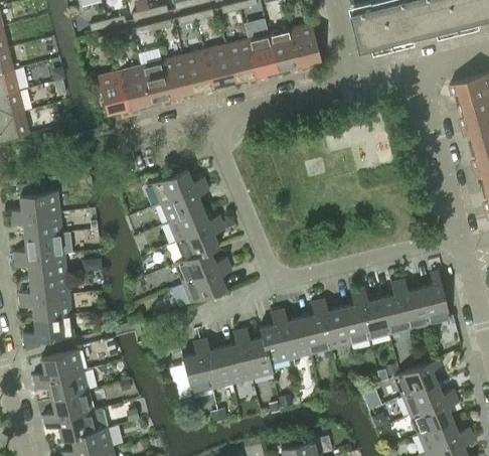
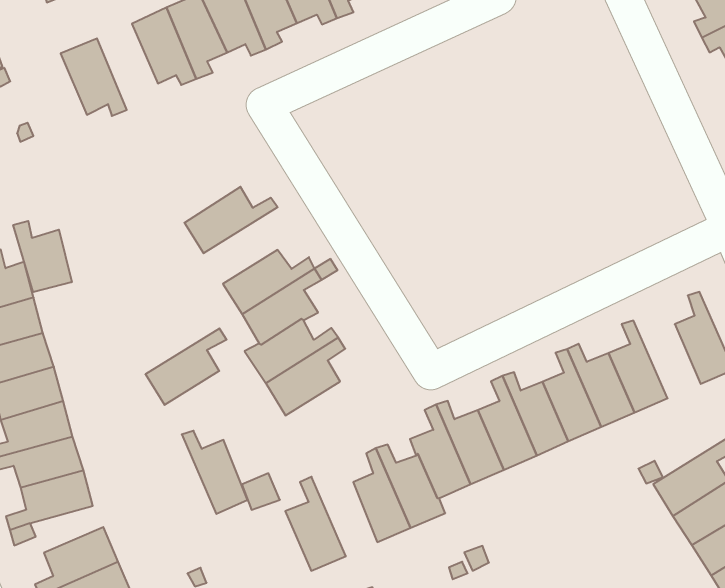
building: [120,66,150,115] -> none
building: none -> [13,221,72,292]
building: [160,184,209,222] -> [145,328,227,405]
building: [397,280,430,329] -> none
building: [200,339,231,389] -> [182,431,248,514]

